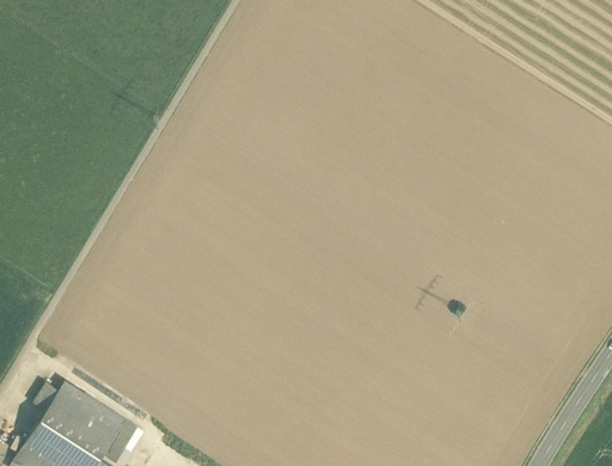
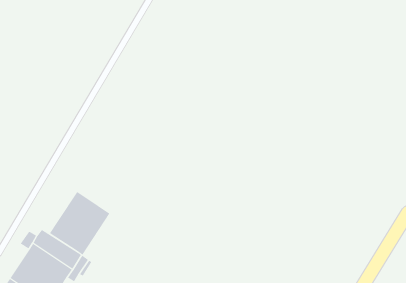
building: none -> [49,191,110,255]

